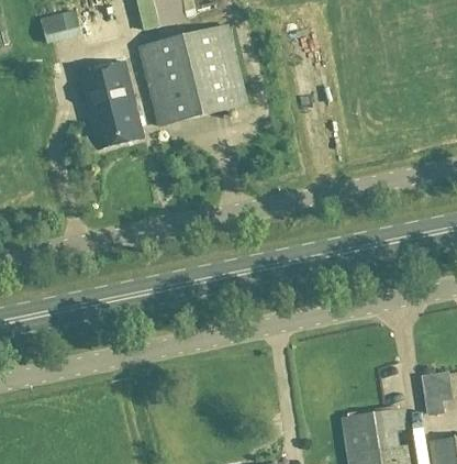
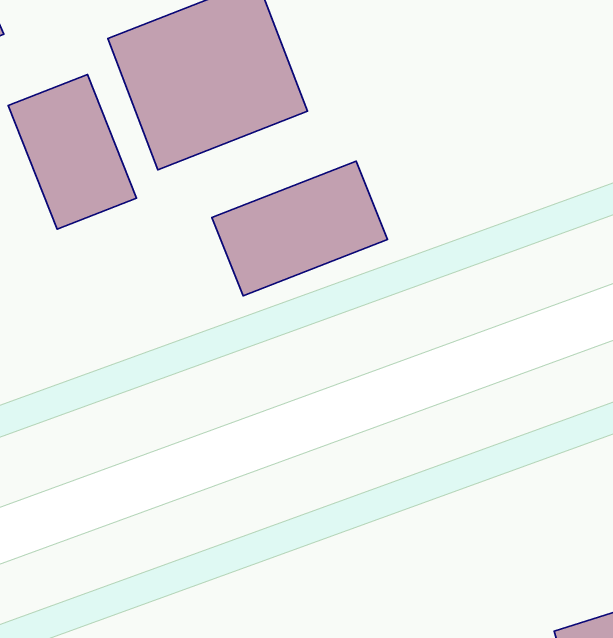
building: none -> [212,161,387,296]

